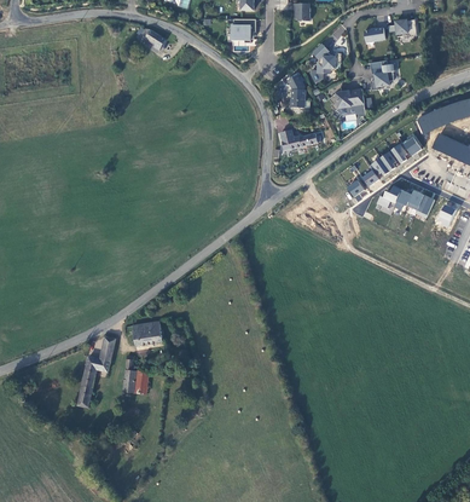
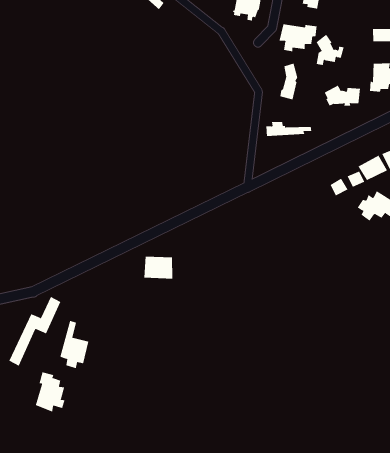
building: none -> [279,24,317,52]
building: [133,321,163,345] -> [144,256,173,279]
building: none -> [35,371,65,413]

